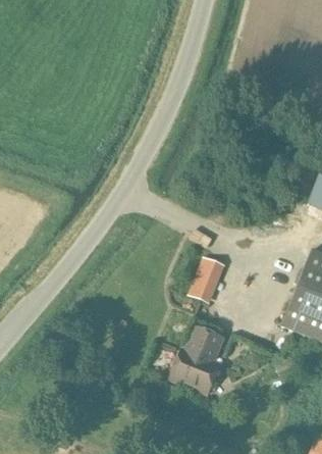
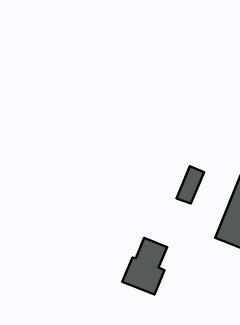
building: [187,256,221,301] -> [176,166,204,204]

